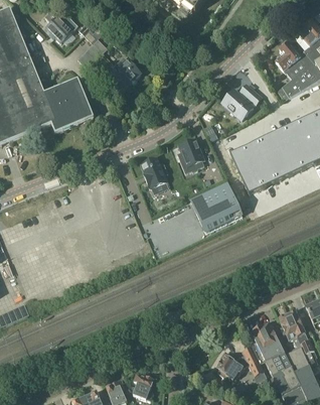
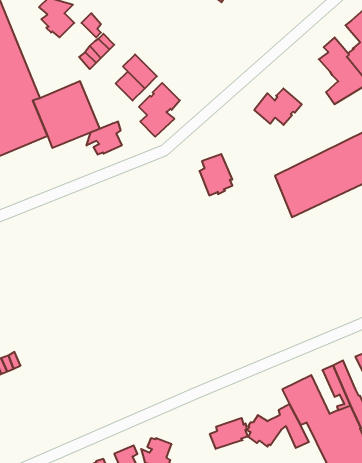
building: none -> [139,83,180,137]
building: none -> [87,121,122,155]
building: [140,156,167,187] -> none
building: [190,181,242,232] -> none
building: none -> [210,418,247,449]

